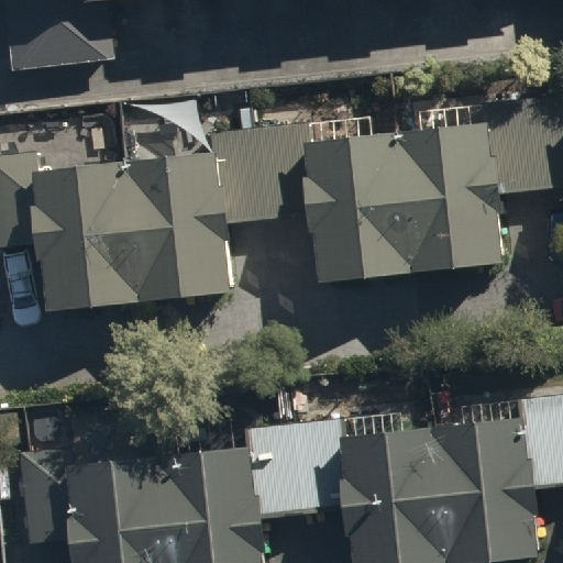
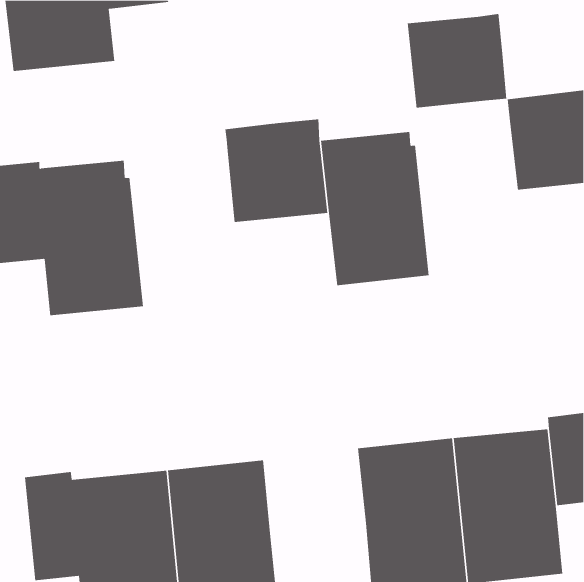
building: none -> [407,13,507,109]
building: [397,122,500,269] -> none
building: [124,151,231,299] -> none
building: [251,424,349,516] -> none

